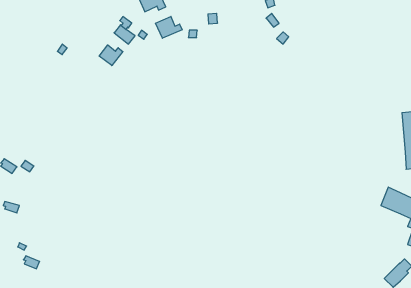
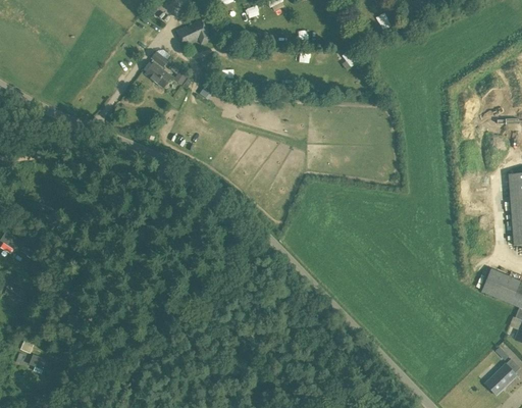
building: [155,16,182,38] -> none
building: [99,45,123,66] -> none

